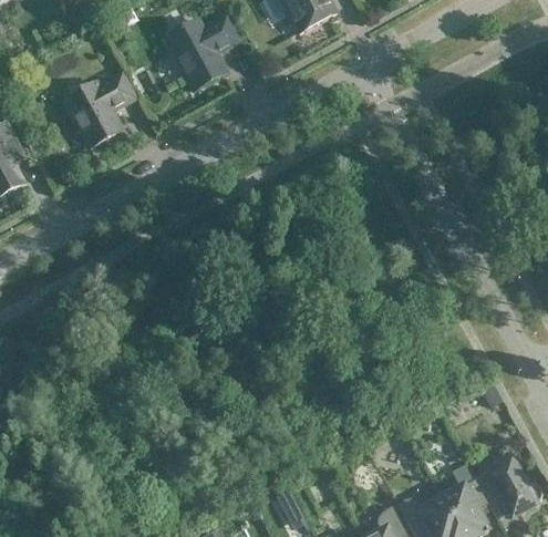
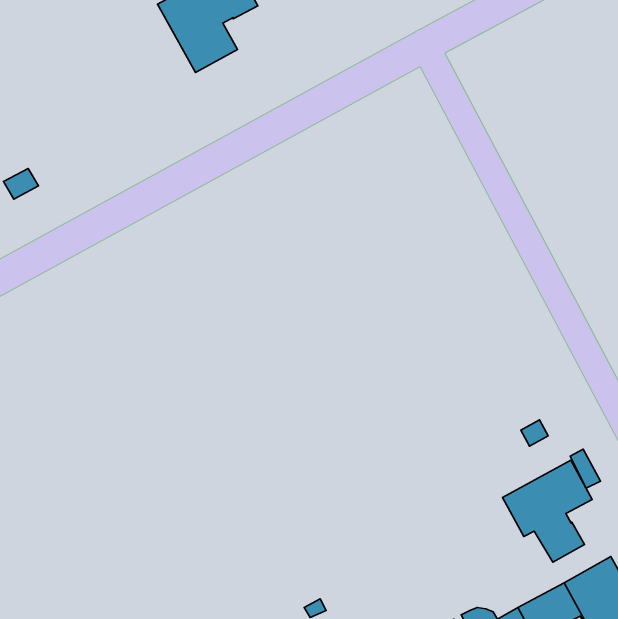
building: [63,71,136,147] -> none
building: none -> [503,460,592,562]

